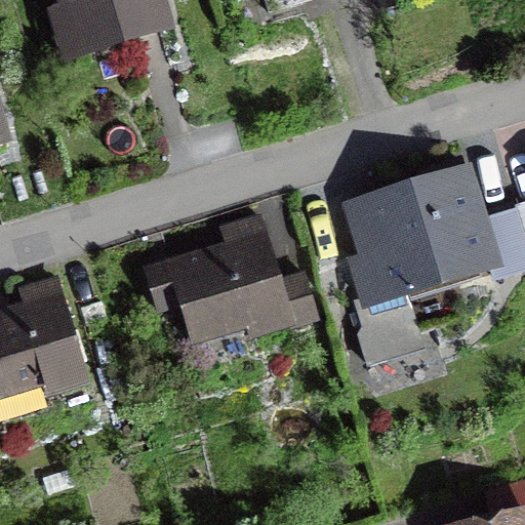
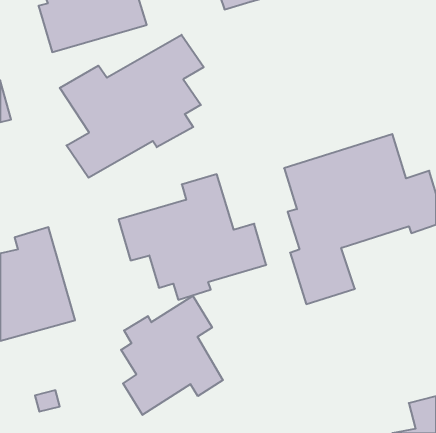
building: none -> [60,35,204,178]
building: none -> [121,296,223,415]

